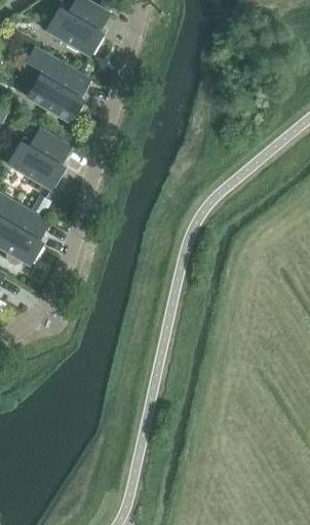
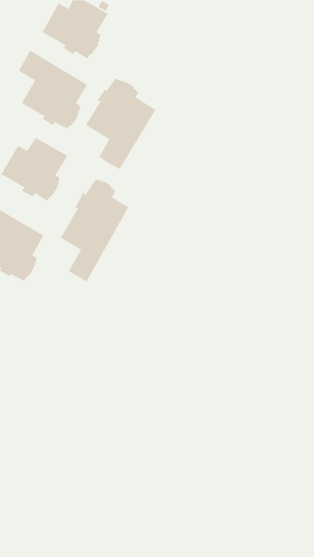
building: none -> [85,77,156,170]
building: none -> [60,178,129,283]

